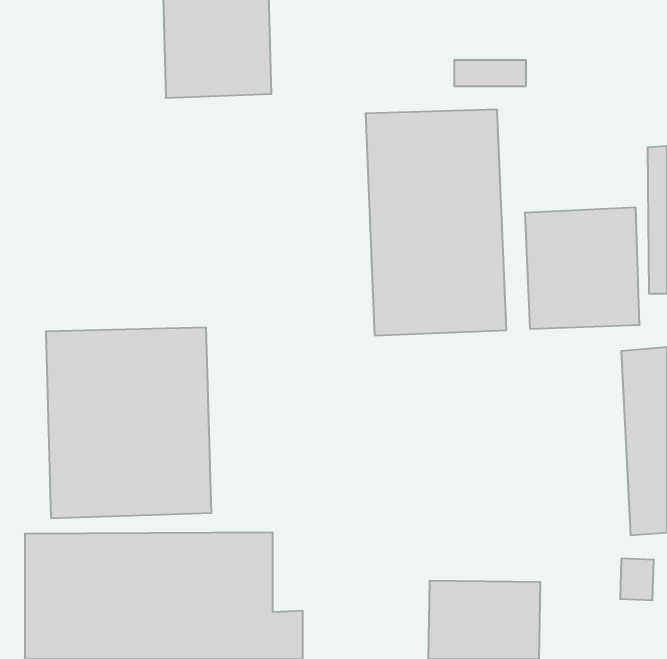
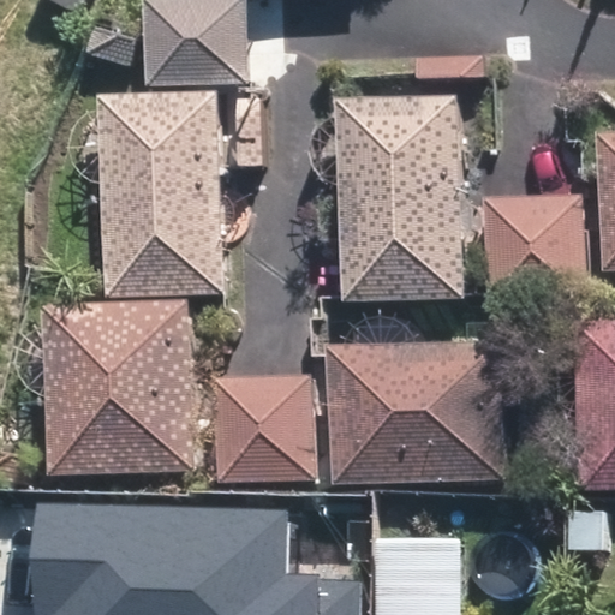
building: none -> [98,95,227,300]
building: none -> [329,340,506,485]
building: none -> [215,375,316,483]

